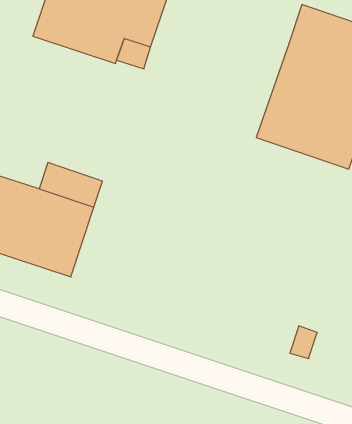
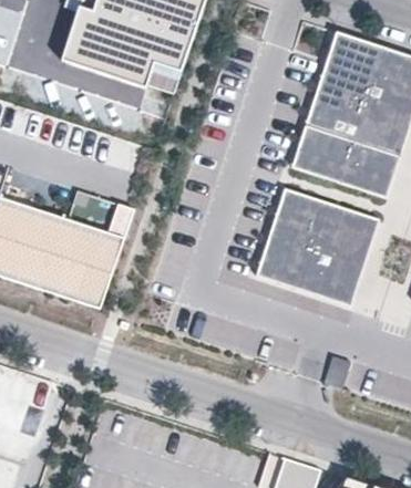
building: none -> [249,188,378,312]

